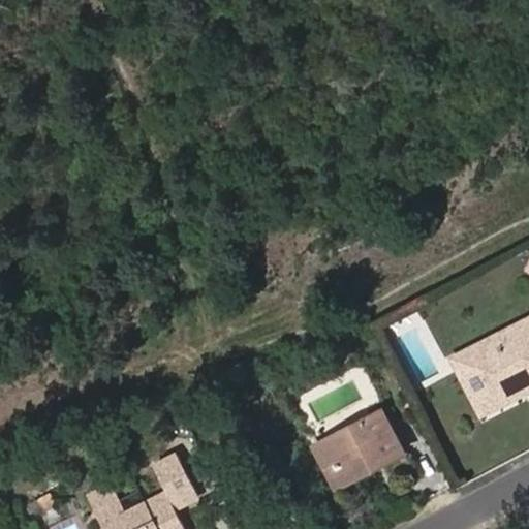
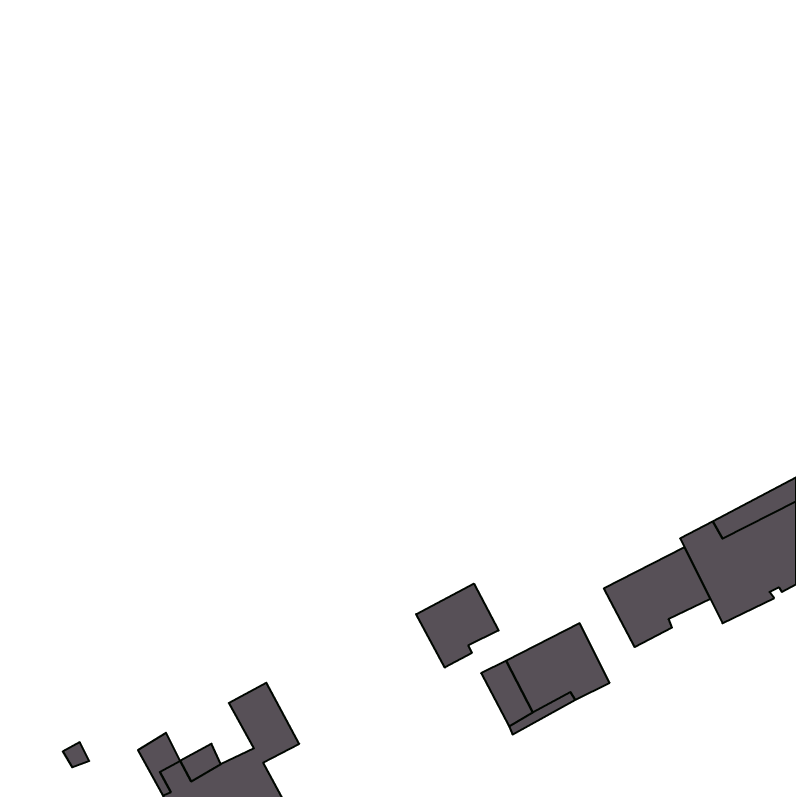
building: none -> [604,547,710,647]
building: none -> [416,584,499,668]

